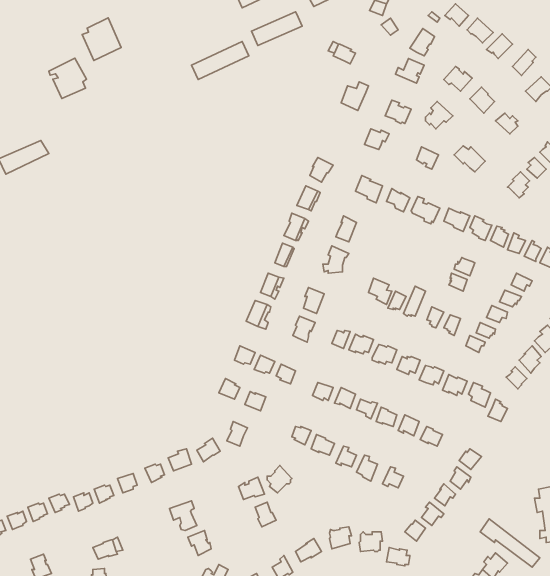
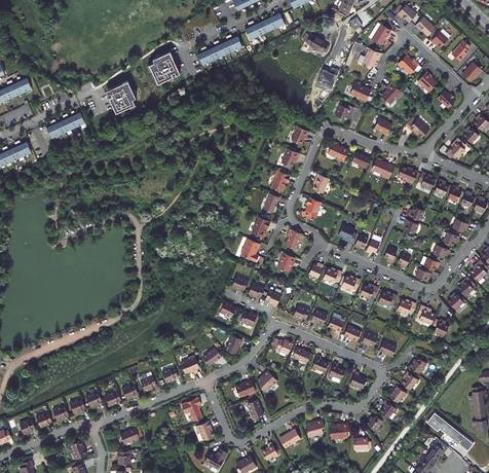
building: [82,18,121,61] -> [147,50,178,84]
building: [49,58,87,99] -> [104,80,134,112]

